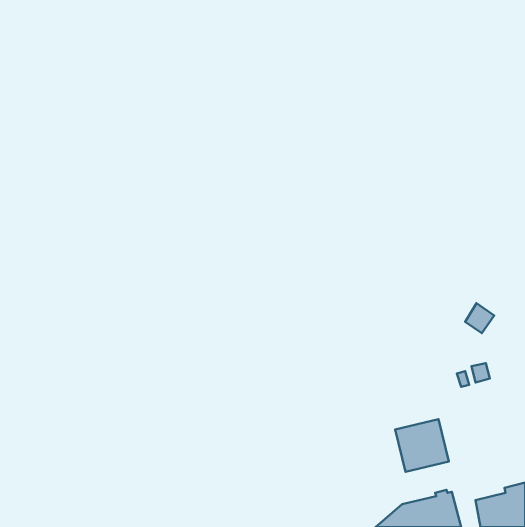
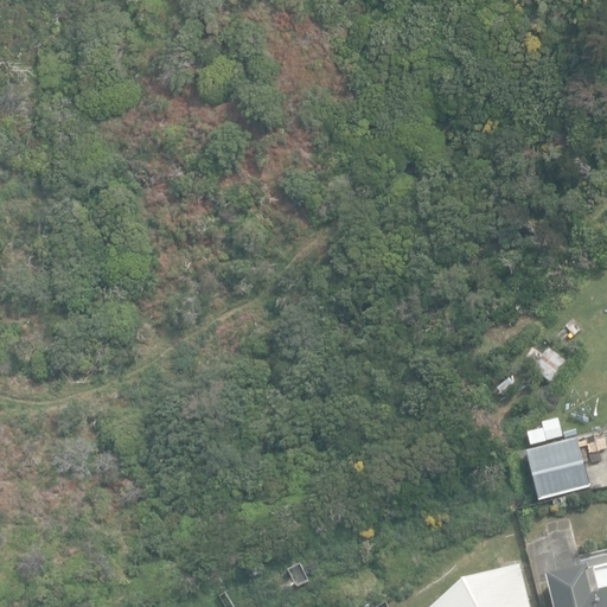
building: [395,419,449,472] -> [528,439,589,499]

